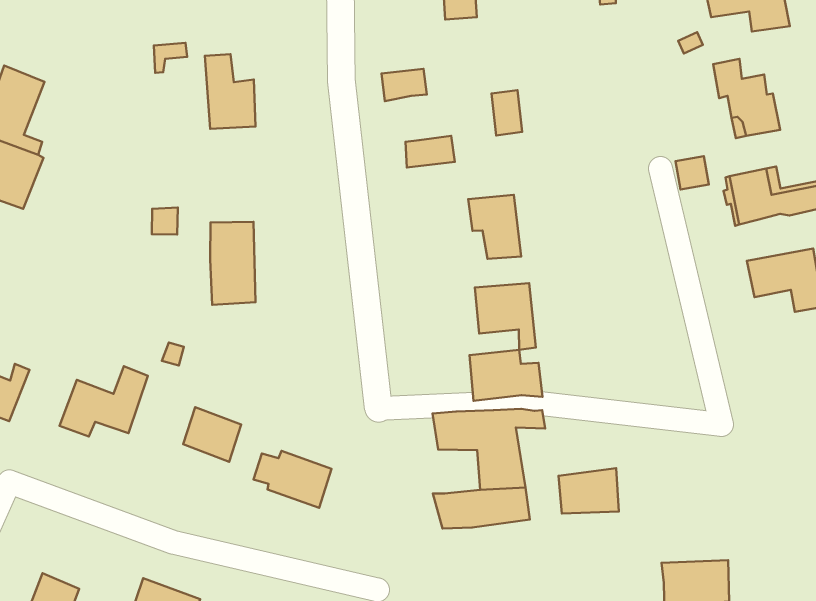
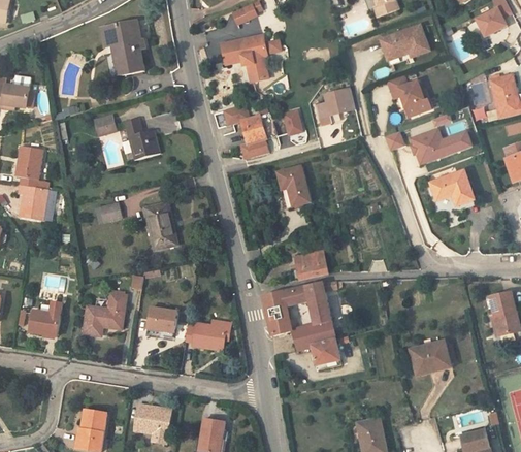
building: none -> [315,89,353,125]
building: none -> [238,115,275,147]
building: [475,283,536,350] -> none
building: none -> [257,290,285,336]
building: [558,468,619,514] -> [308,337,344,366]

